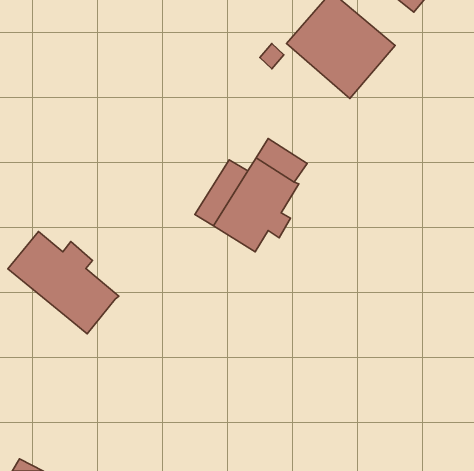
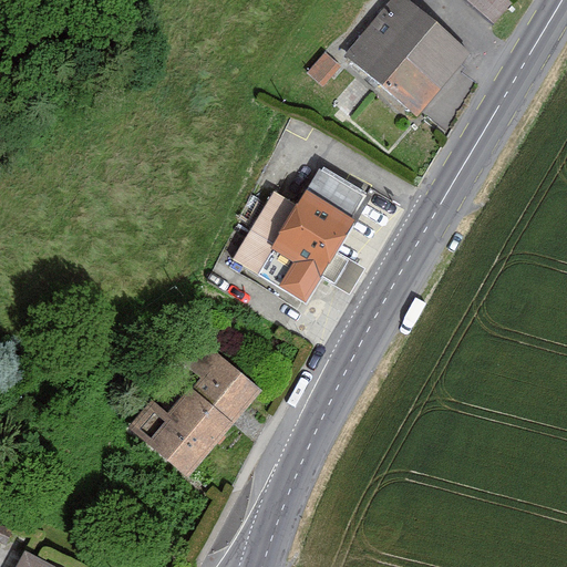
building: [8,231,119,334] -> none
building: none -> [128,340,260,475]

